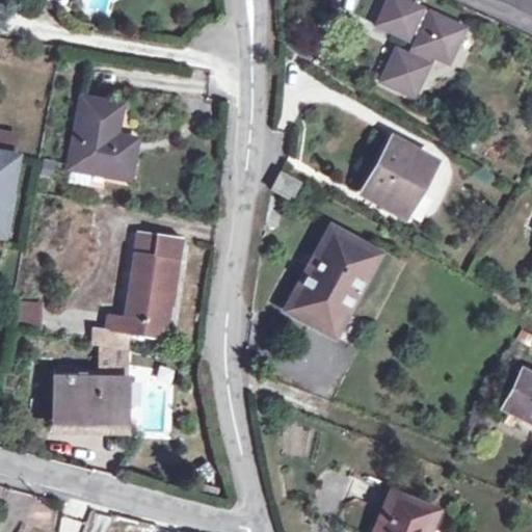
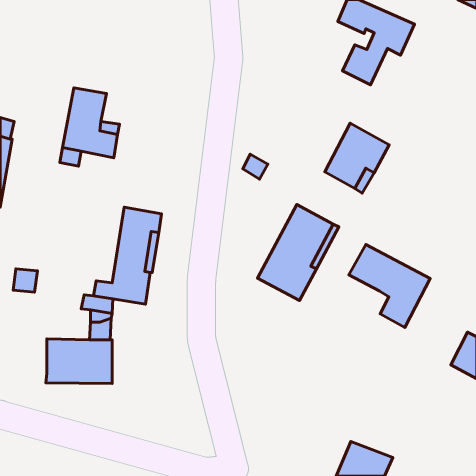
building: none -> [349,244,430,328]

